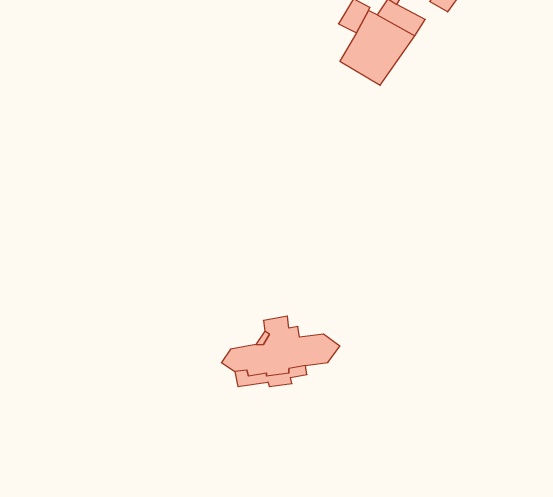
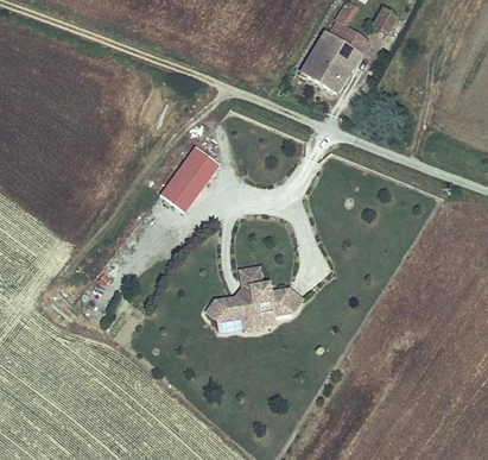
building: none -> [159,145,218,212]

